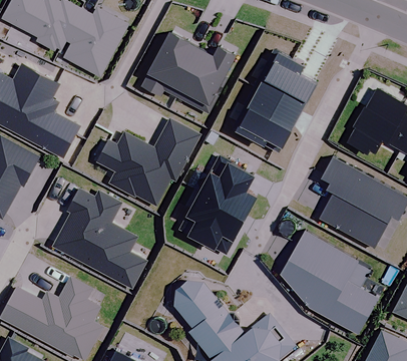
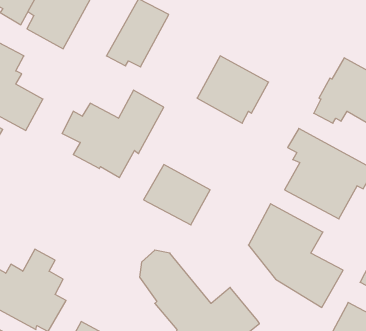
building: [175,42,239,114] -> none
building: [255,47,321,111] -> none
building: [198,155,259,219] -> none
building: [53,189,145,289] -> none

